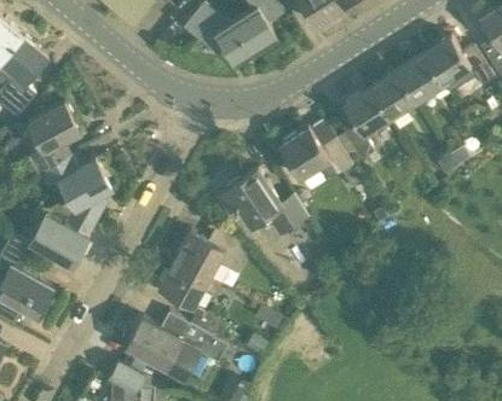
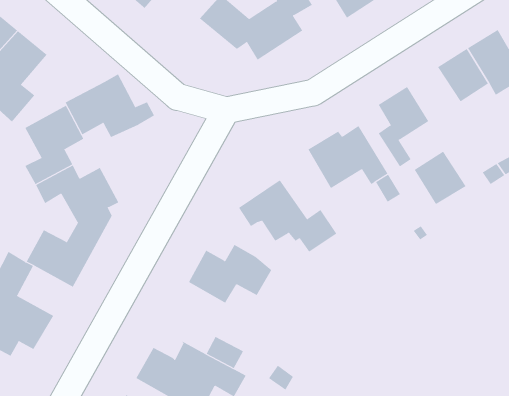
building: [369,70,416,118] -> [414,151,466,205]
building: none -> [65,74,155,138]
building: [157,262,220,309] -> none

